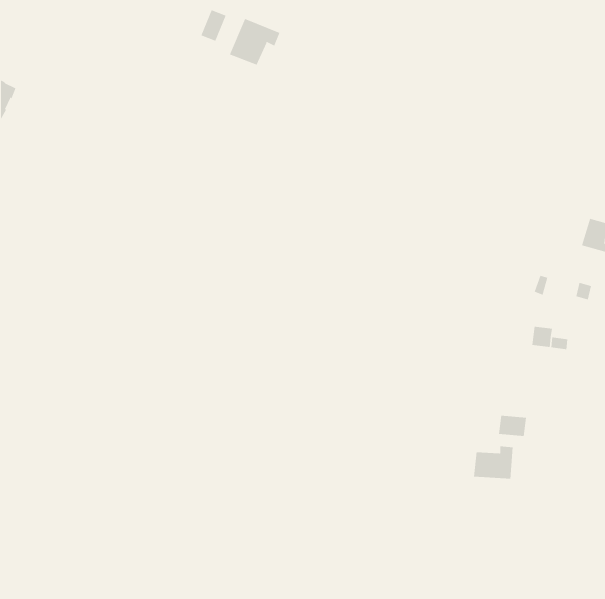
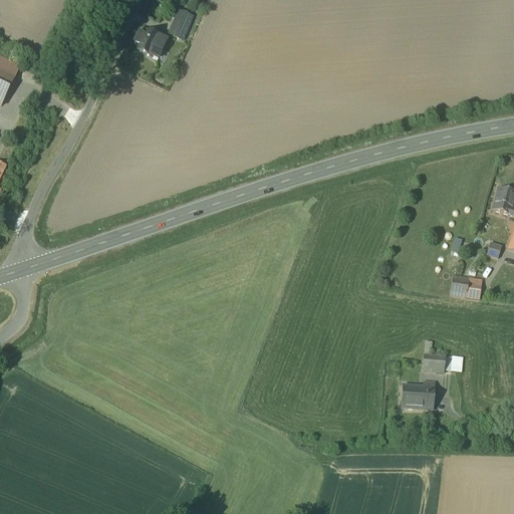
building: [229,18,280,66] -> none
building: none -> [138,28,167,54]

